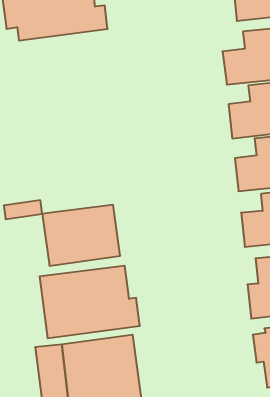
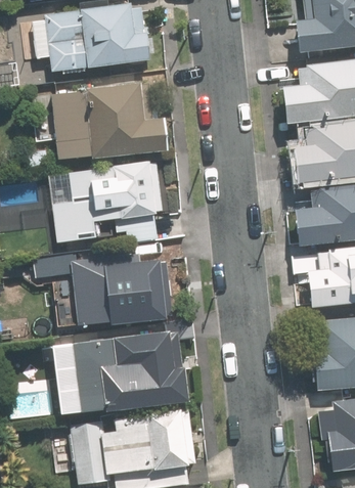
building: none -> [51,82,169,163]
building: none -> [48,163,163,242]

